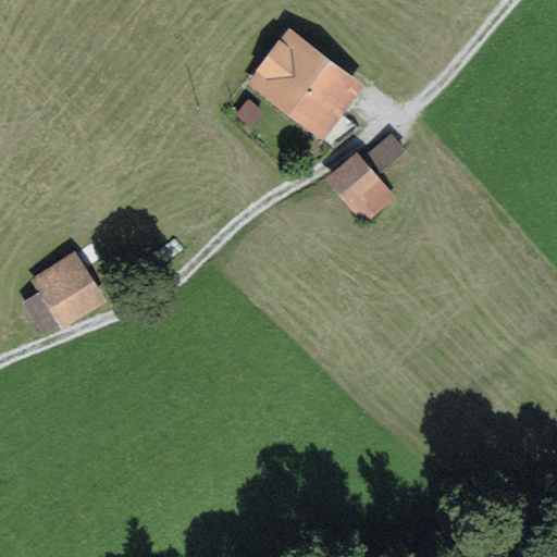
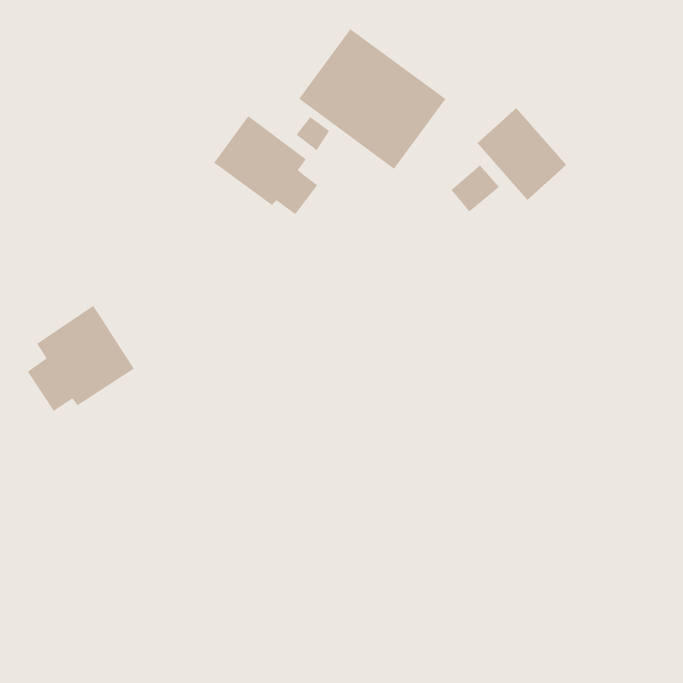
building: none -> [213,115,318,215]
building: [323,153,397,230] -> [476,107,567,201]

